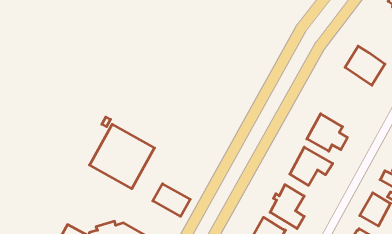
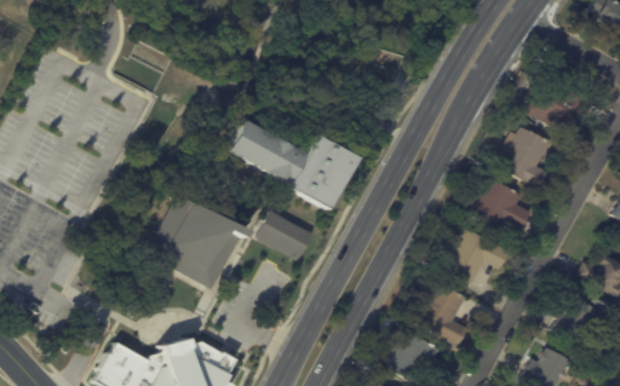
building: none -> [228,119,355,206]
building: none -> [504,128,553,191]
building: [153,184,190,216] -> [258,209,314,258]

